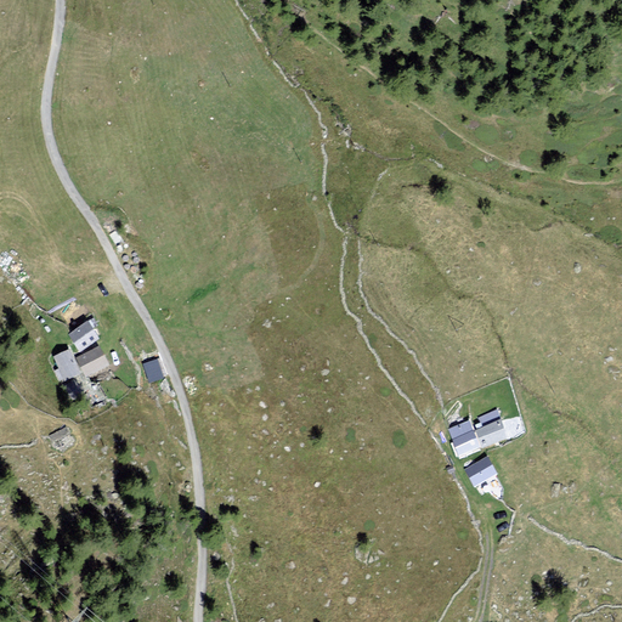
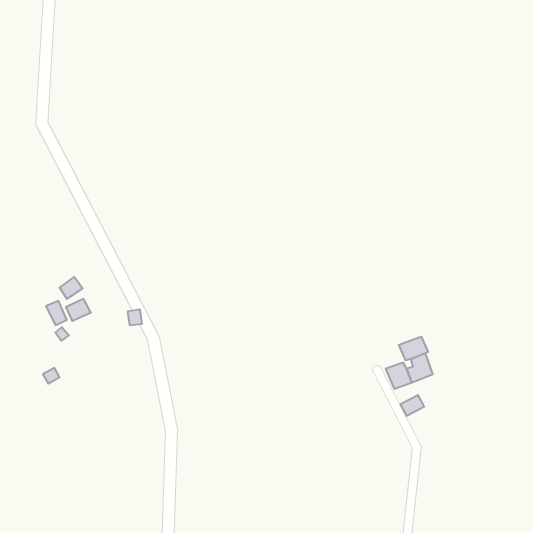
building: none -> [399,337,428,360]

